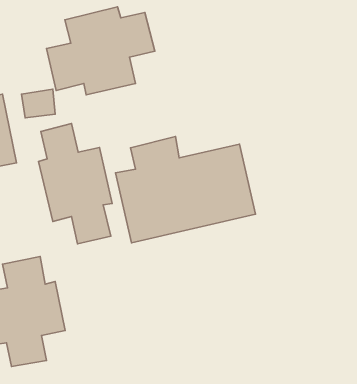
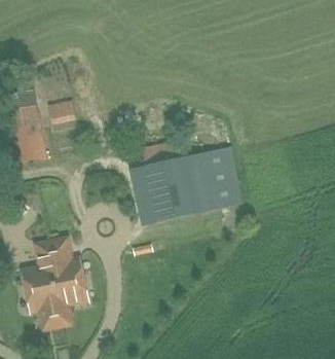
building: [47,7,155,95] -> none
building: [39,123,112,244] -> none

